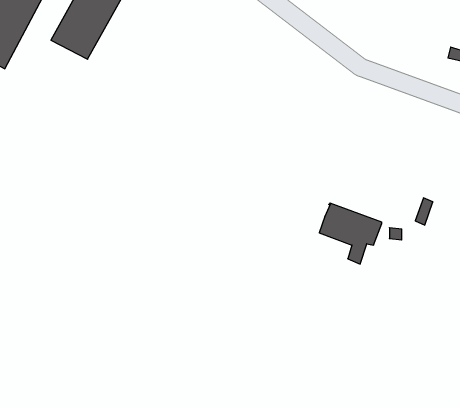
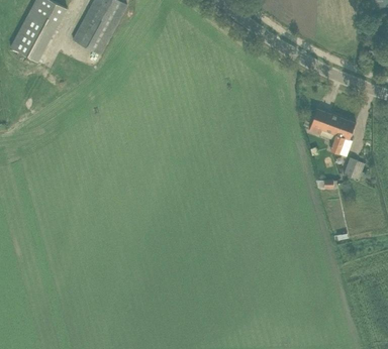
building: [319,203,382,264] -> [309,108,356,153]

